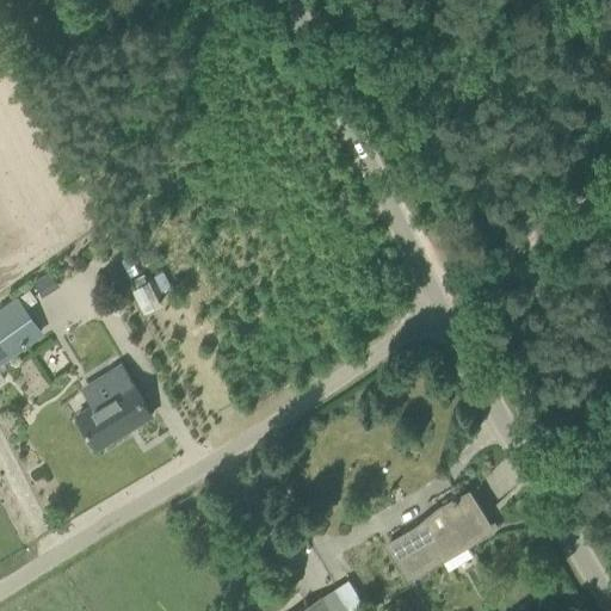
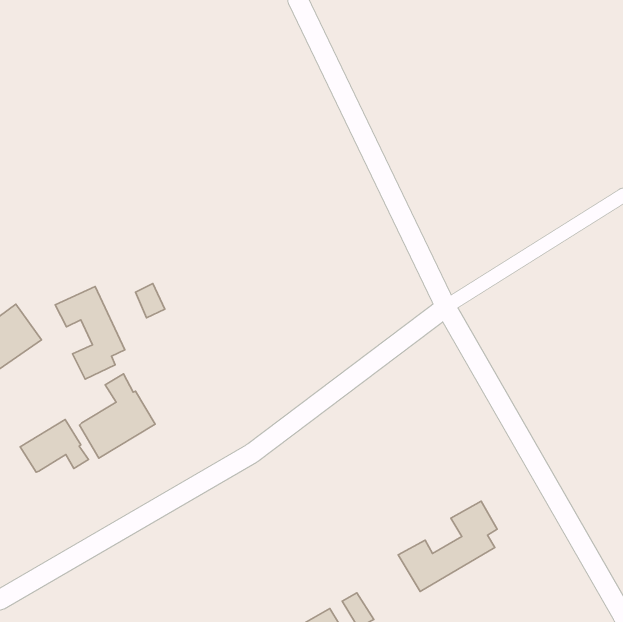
building: none -> [55,286,125,379]
building: none -> [20,419,88,472]

